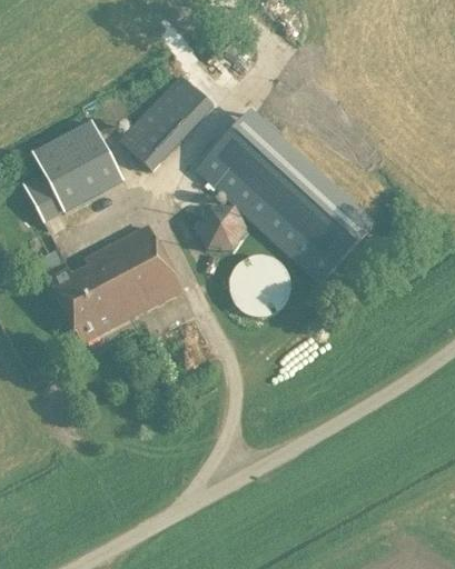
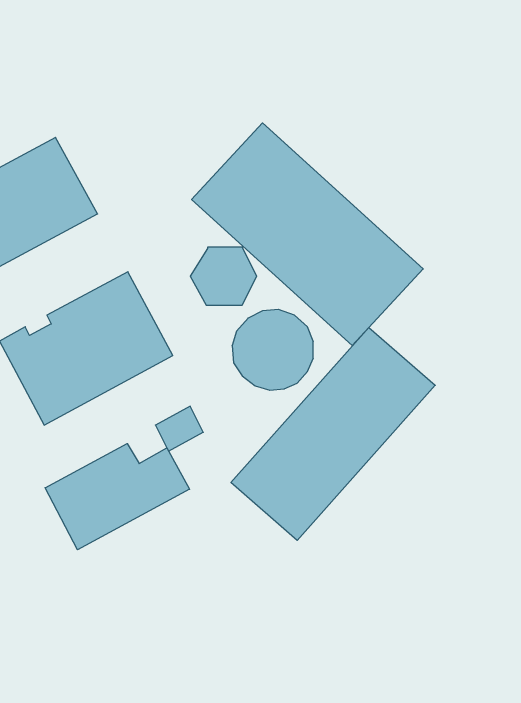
building: [120,76,214,170] -> none
building: none -> [231,328,435,540]
building: none -> [45,444,190,550]

